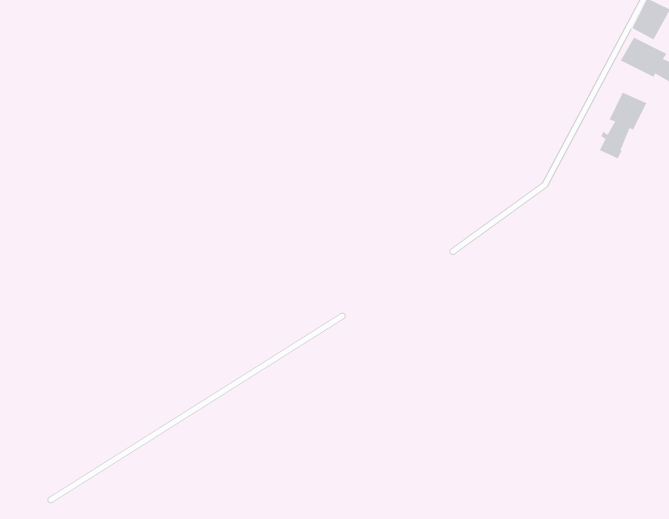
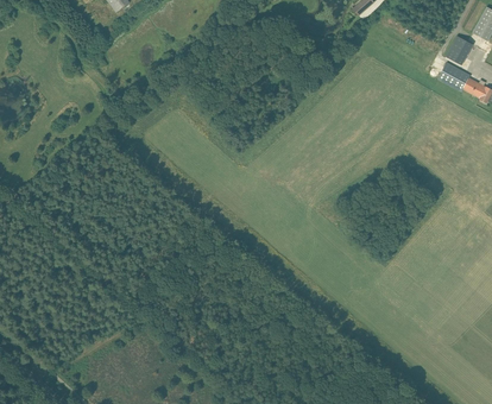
building: [599,92,647,159] -> none

